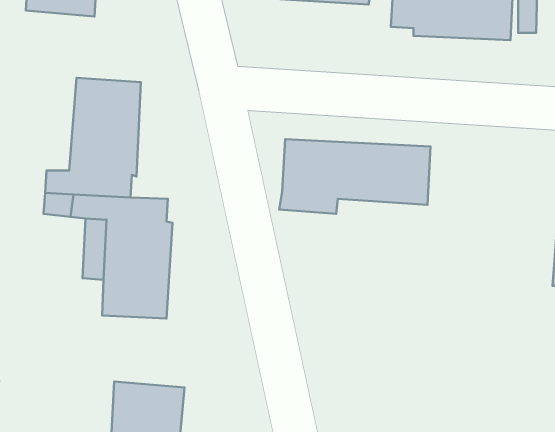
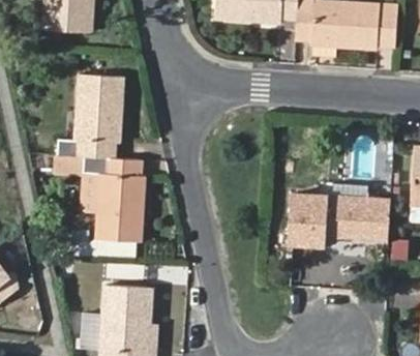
building: [279,139,430,214] -> [286,195,390,246]

